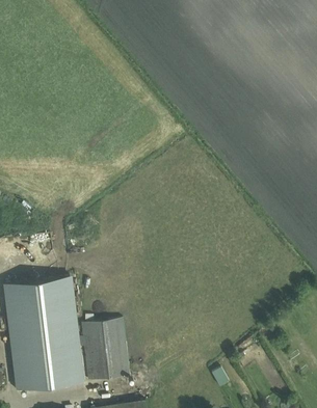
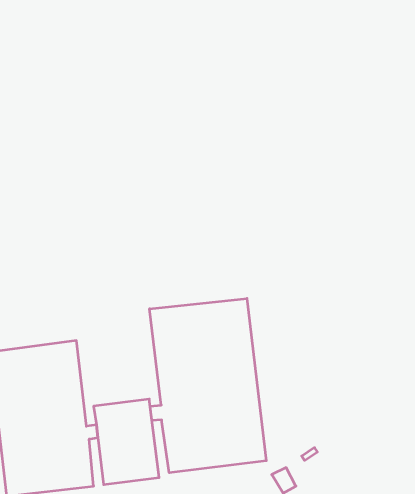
building: none -> [150,298,266,473]

